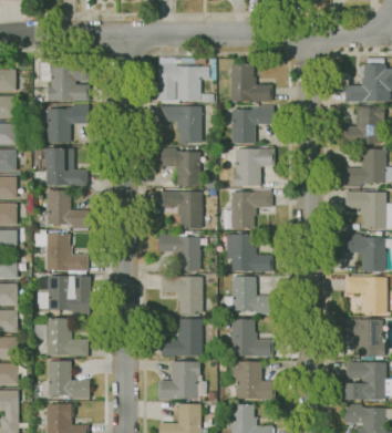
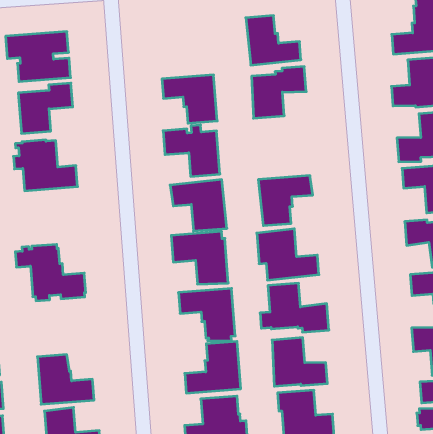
building: [157,58,216,103] -> none
building: [233,147,275,188] -> none
building: [47,190,90,230] -> none
building: [37,276,91,315] -> none

